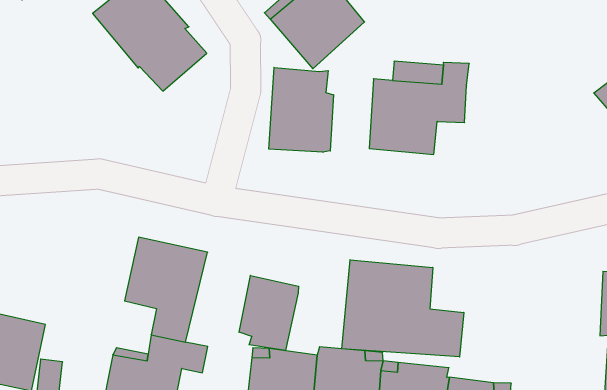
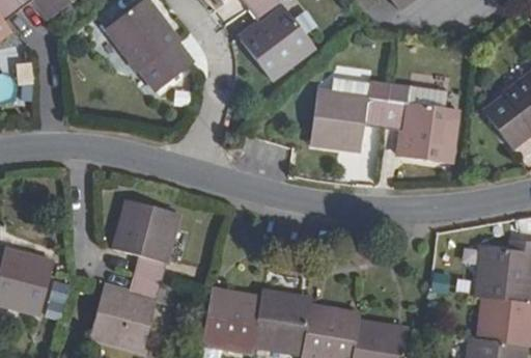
building: [269,67,334,152] -> none
building: none -> [383,99,456,161]
building: [342,260,464,357] -> none
building: [239,275,299,351] -> none

